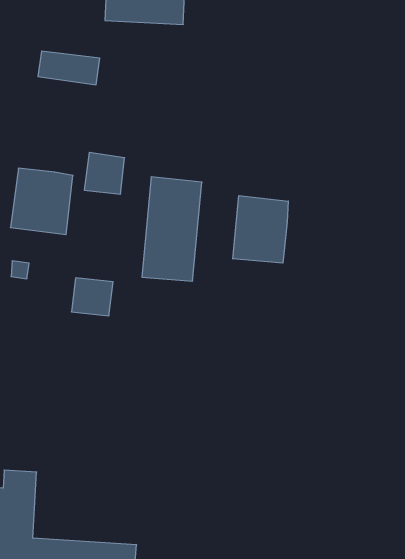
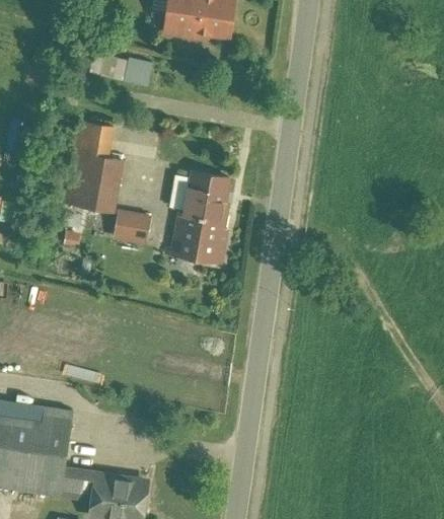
building: [84,152,125,194] -> [79,120,116,157]
building: [233,196,288,263] -> none
building: [71,278,113,316] -> [114,209,151,243]

